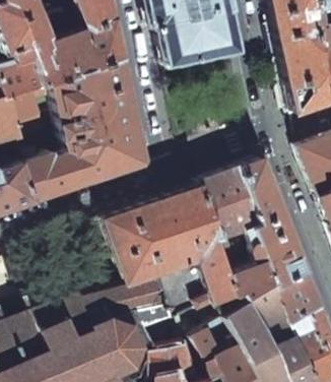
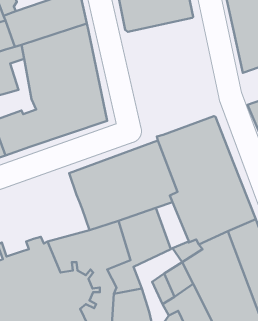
building: [201,252,237,303] -> none

